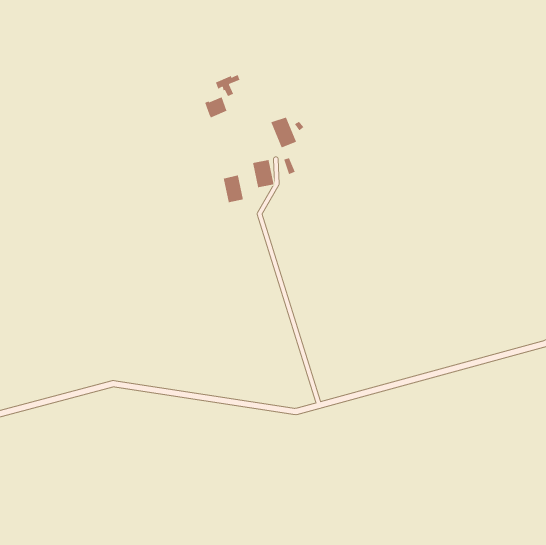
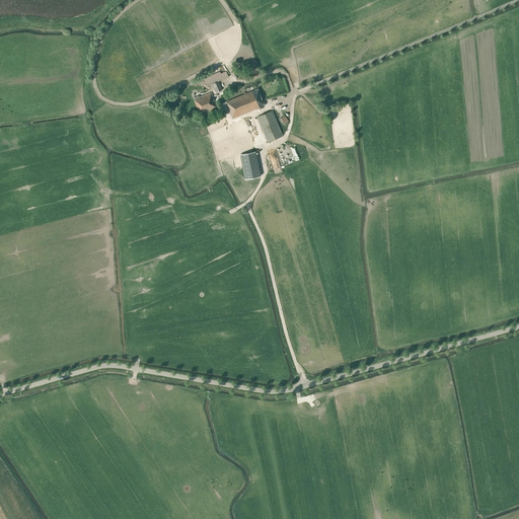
building: none -> [226,88,266,118]
building: [223,174,244,203] -> none

